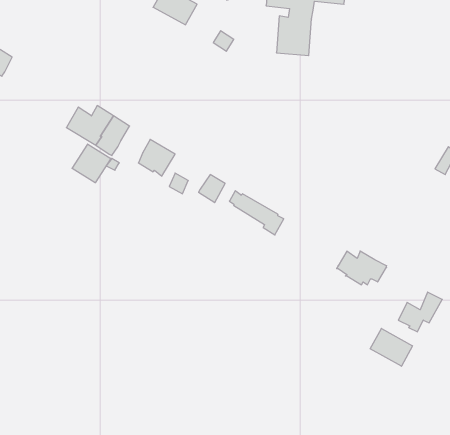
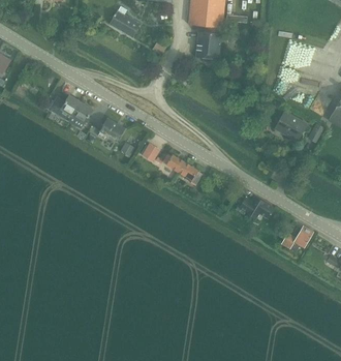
building: none -> [275,110,306,140]
building: [72,144,111,183] -> none
building: [370,328,412,366] -> none

